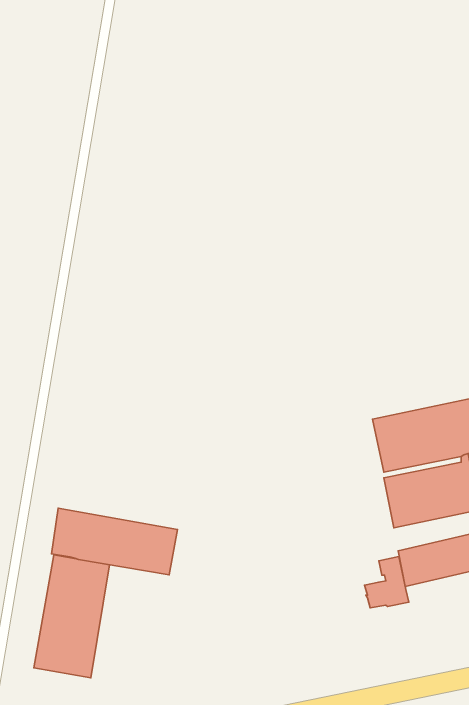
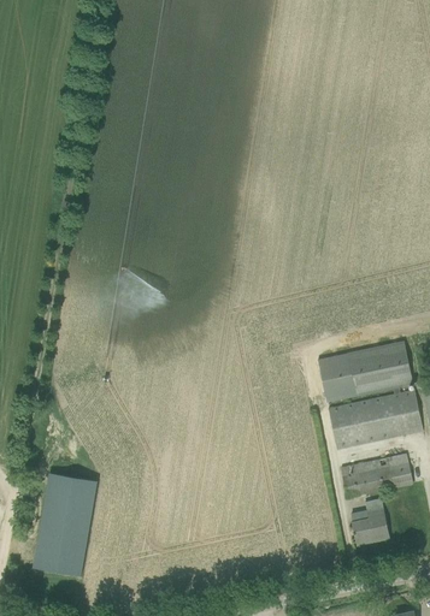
building: [51,508,177,575] -> none
building: [365,557,409,608] -> [352,498,389,541]

